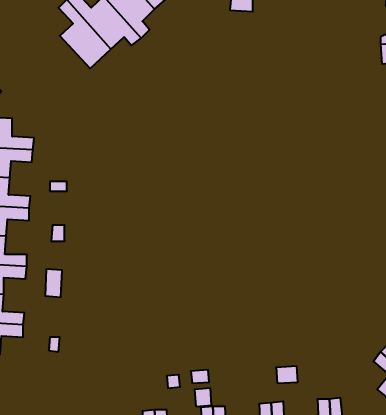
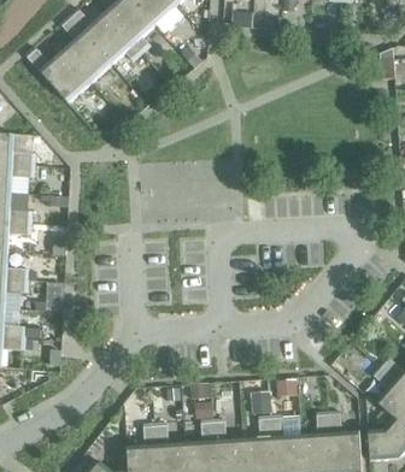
building: none -> [24,46,90,102]

